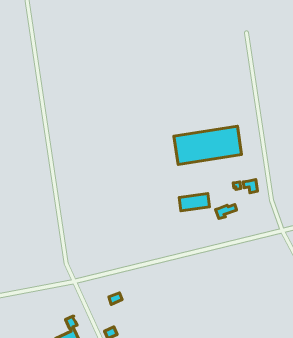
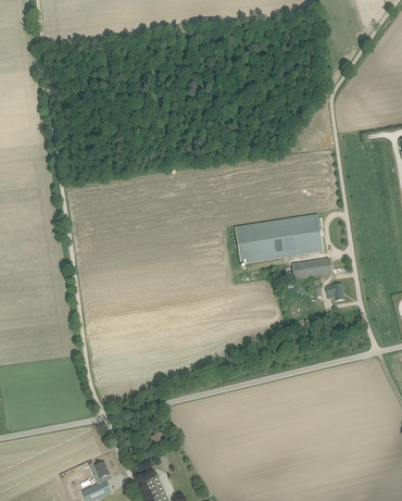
building: [179,193,209,211] -> [292,256,331,279]

